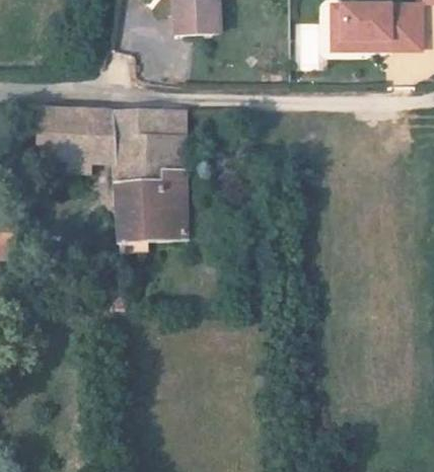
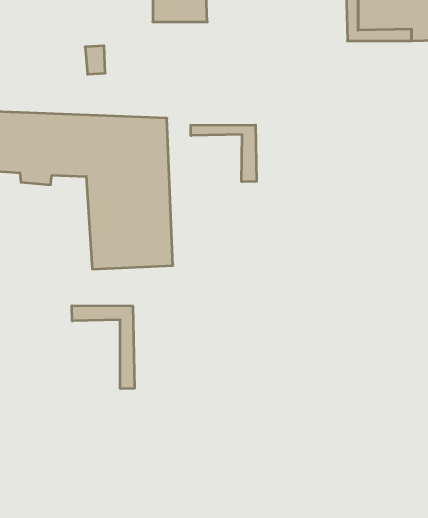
building: none -> [191,125,257,182]
building: none -> [72,306,134,389]

